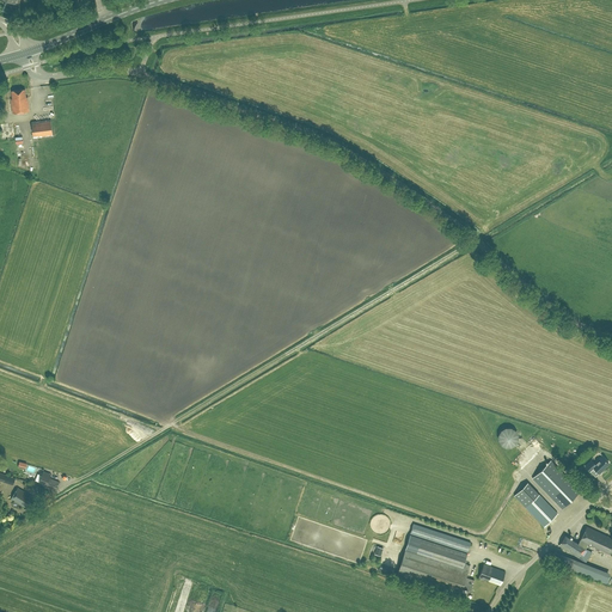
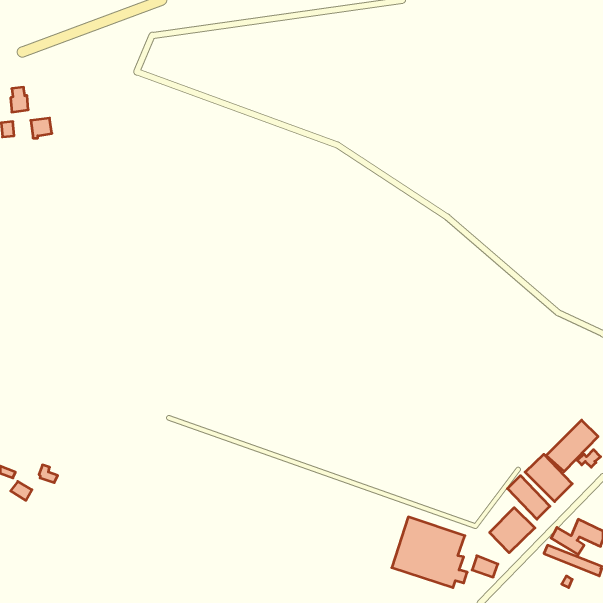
building: none -> [546,420,598,472]
building: none -> [490,508,535,553]

